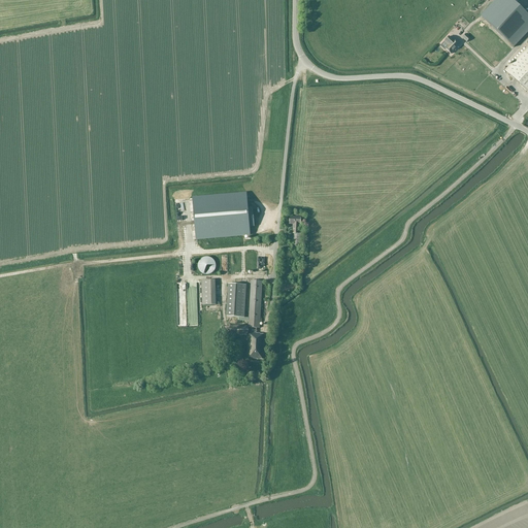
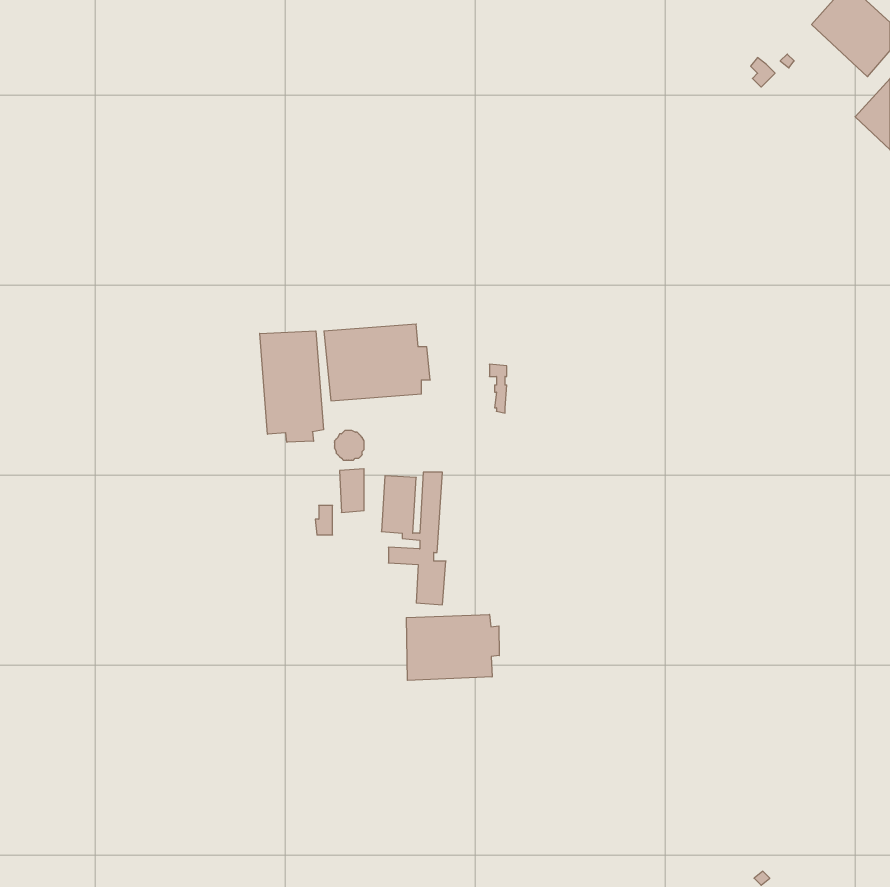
building: none -> [260,331,323,442]
building: none -> [406,614,499,680]

